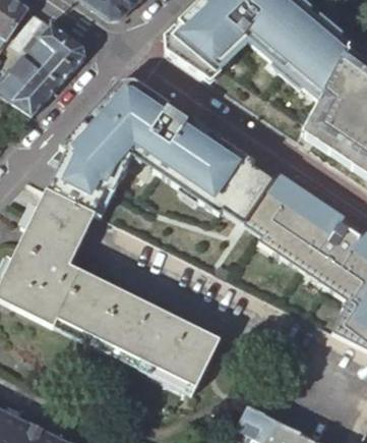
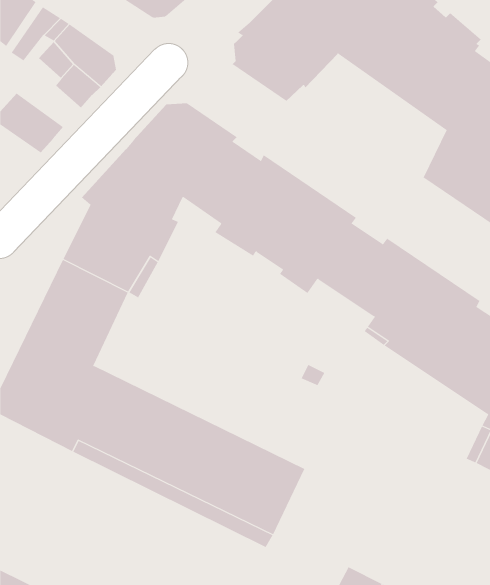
building: [10,57,60,97] -> none

